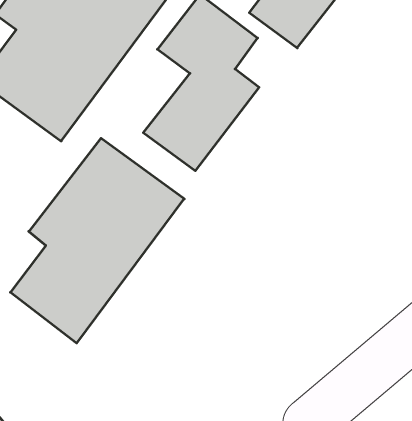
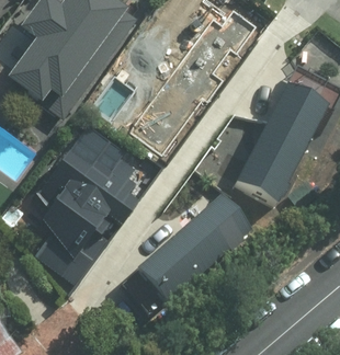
building: none -> [235,82,328,203]
building: none -> [128,197,249,307]

